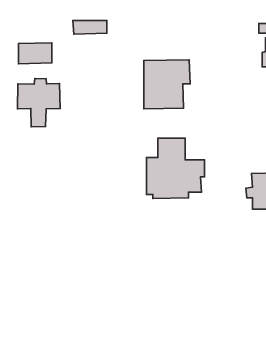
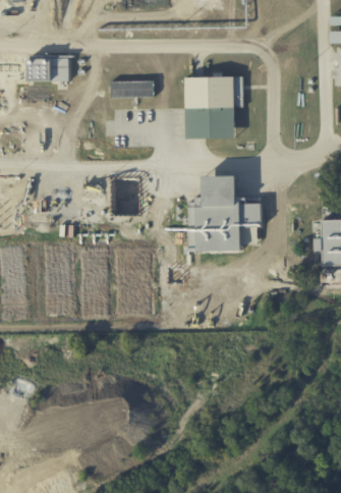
building: [73,20,107,34] -> [110,80,153,98]
building: [18,78,60,127] -> none

